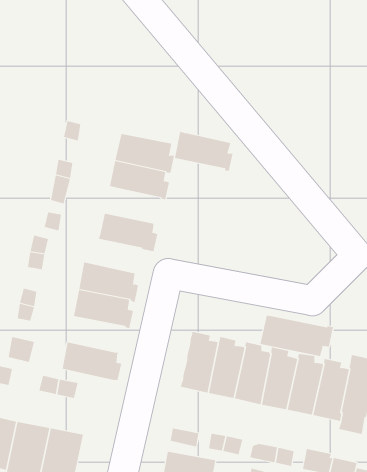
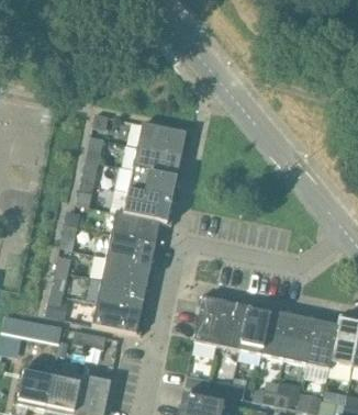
building: [174,131,233,171] -> [127,168,178,202]
building: none -> [110,210,161,245]
building: [260,315,334,357] -> none
building: none -> [96,279,148,312]

